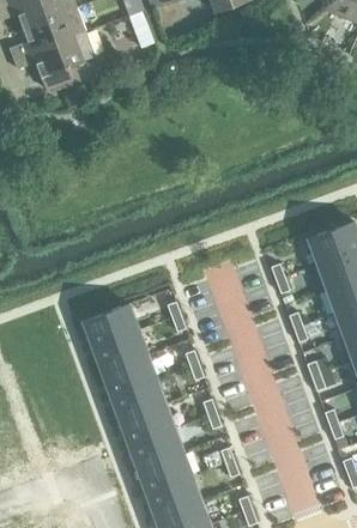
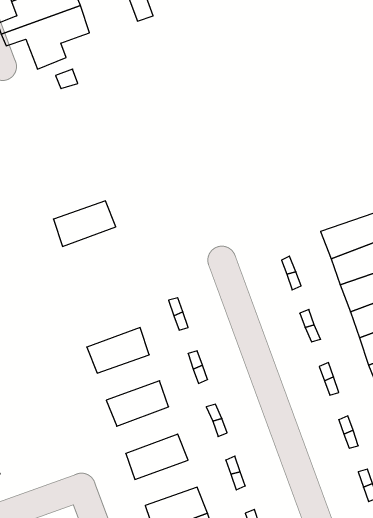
building: [83,304,140,346] -> [53,201,116,246]
building: [101,353,158,395] -> none
building: [119,401,175,444] -> none
building: [135,450,193,492] -> none

